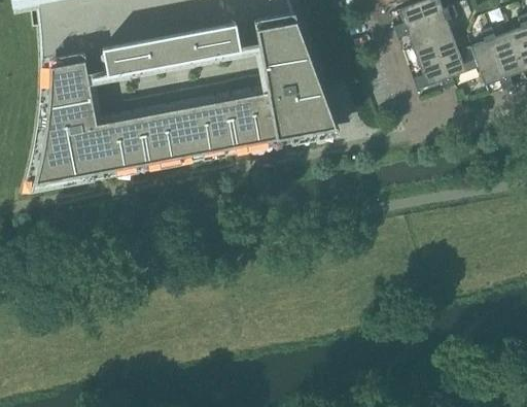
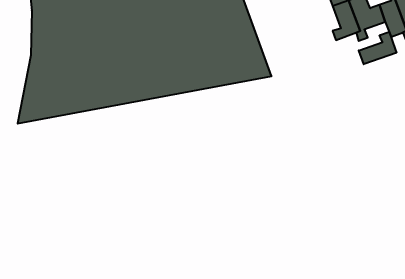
building: none -> [359,32,396,64]

